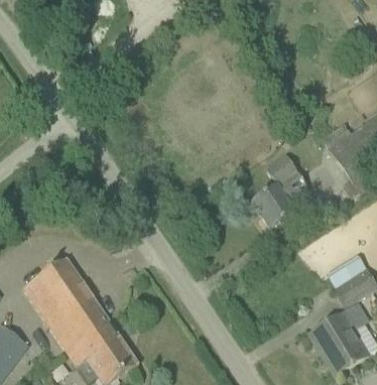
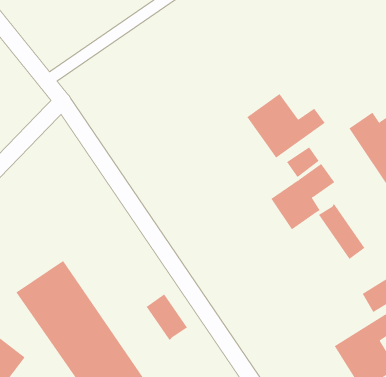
building: none -> [247,93,325,158]
building: none -> [318,203,365,260]
building: none -> [146,293,188,341]

